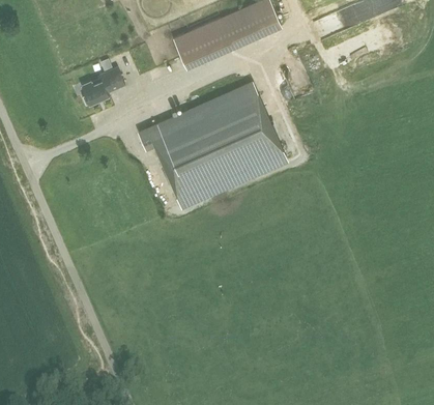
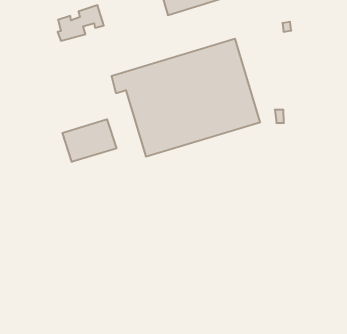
building: none -> [62,119,116,162]

